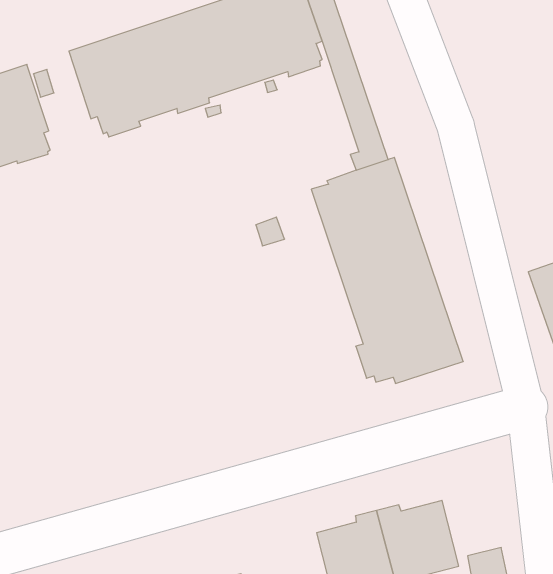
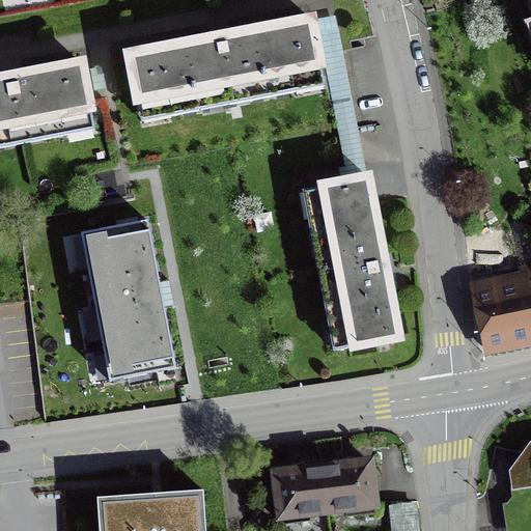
building: none -> [81,219,176,381]

